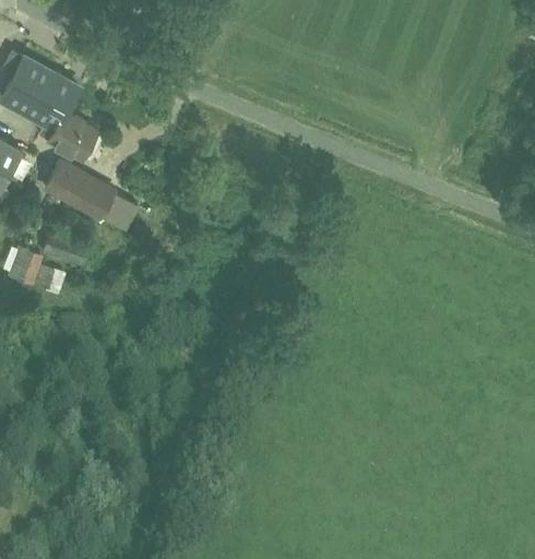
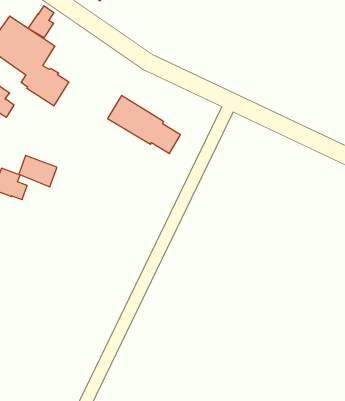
building: none -> [28,6,54,38]
building: [43,160,139,233] -> [108,96,180,154]

